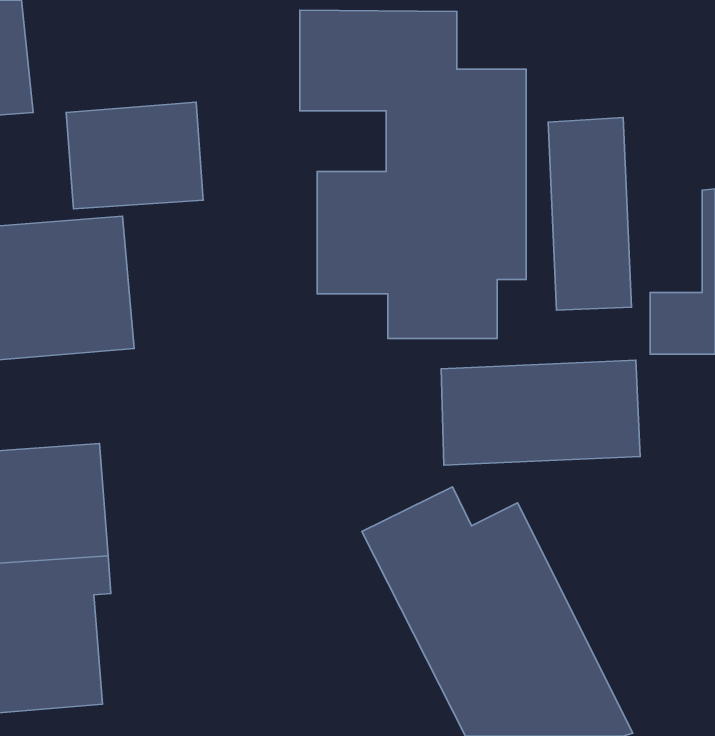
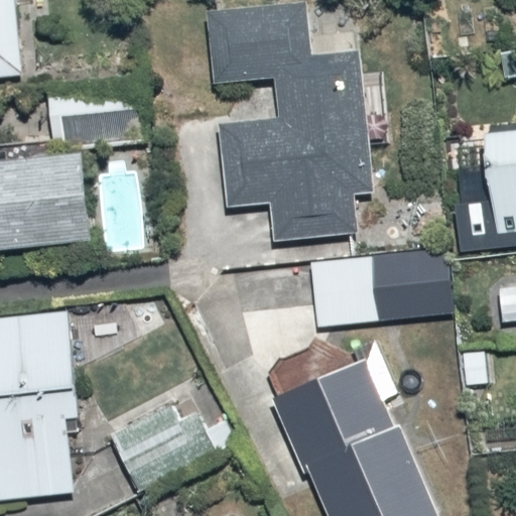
building: [548,117,632,310] -> none
building: none -> [108,397,216,493]

